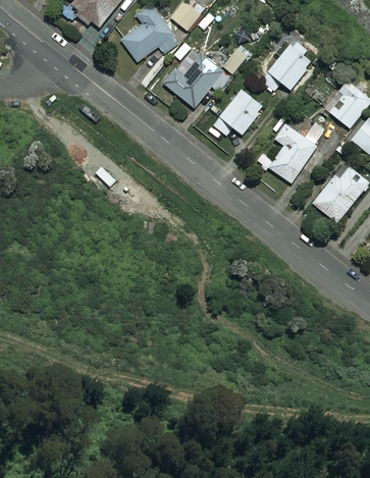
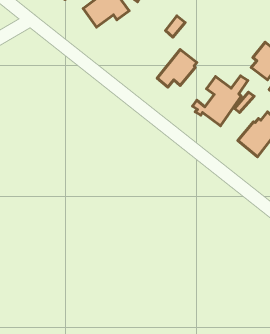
building: [262,43,310,92] -> none
building: [164,47,229,110] -> none

